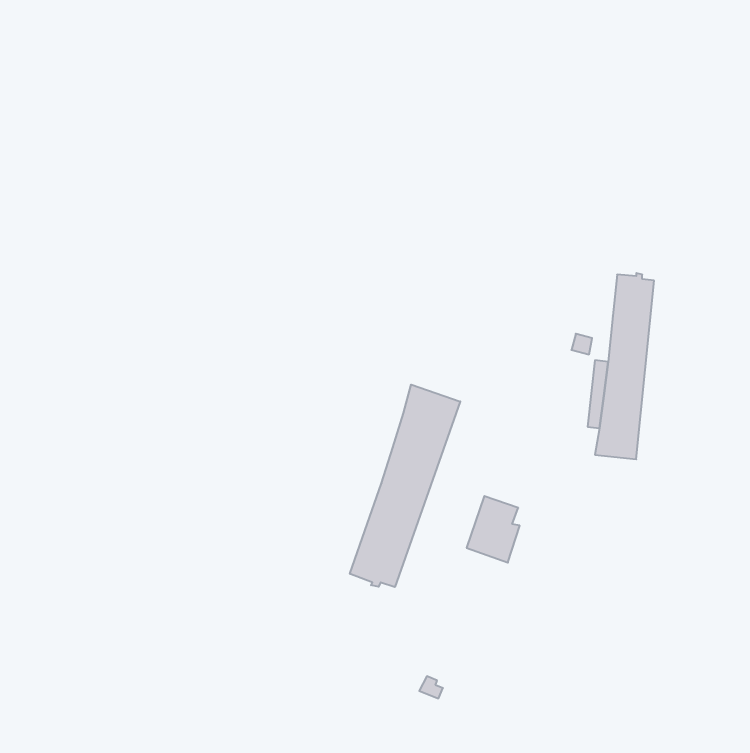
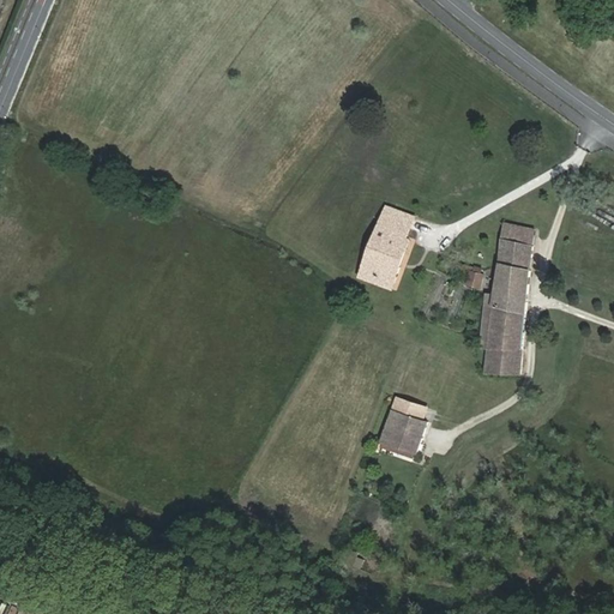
building: none -> [359,206,410,287]
building: [350,385,460,587] -> none

